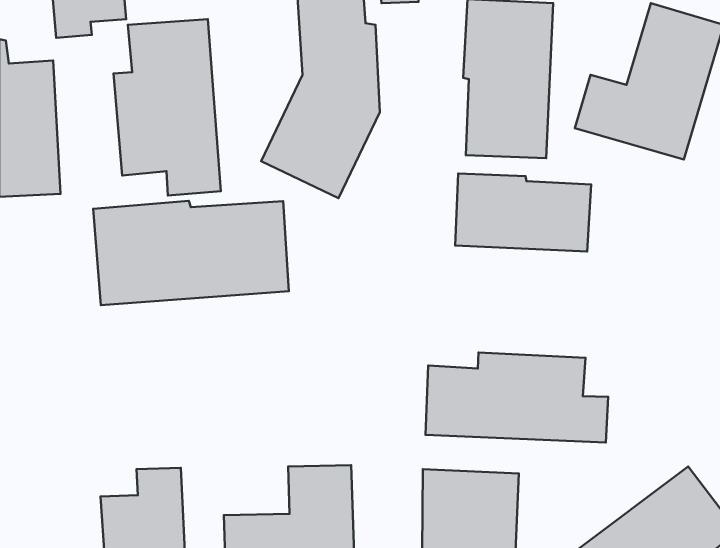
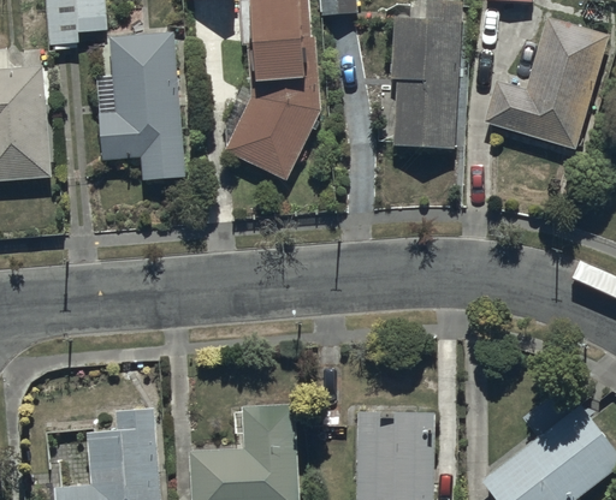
building: [455,174,591,252] -> none
building: [93,201,289,305] -> none
building: [425,352,608,443] -> none

